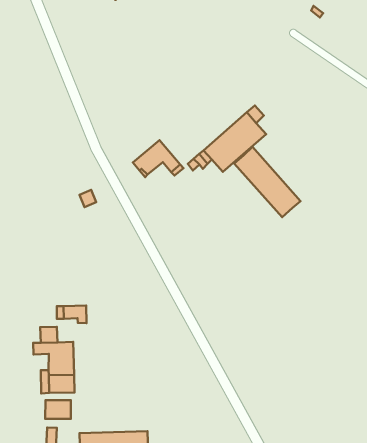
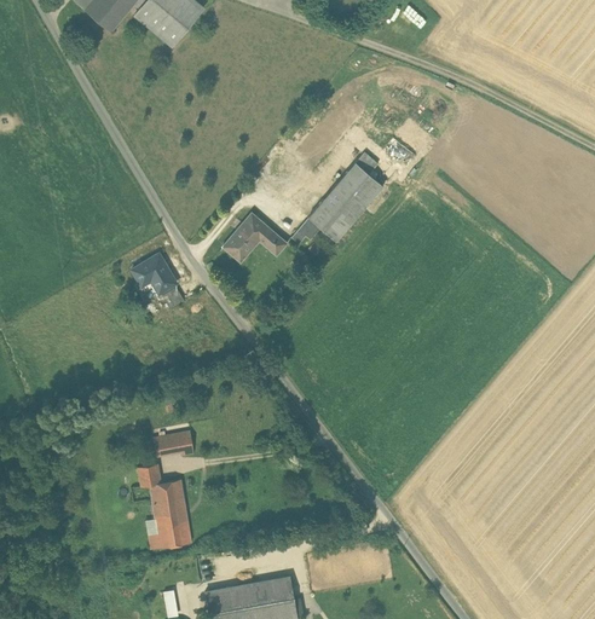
building: [234,147,301,217] -> none
building: none -> [132,253,175,293]
building: [45,400,71,419] -> none

